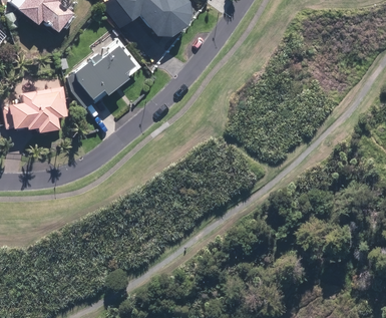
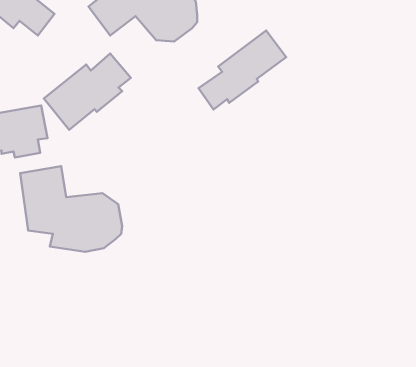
building: none -> [199,31,286,110]
building: none -> [20,166,122,252]

